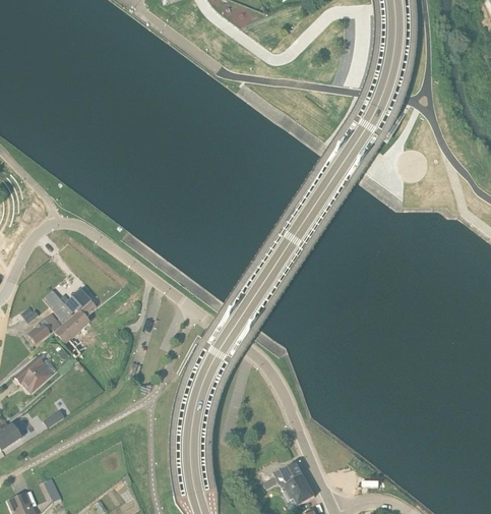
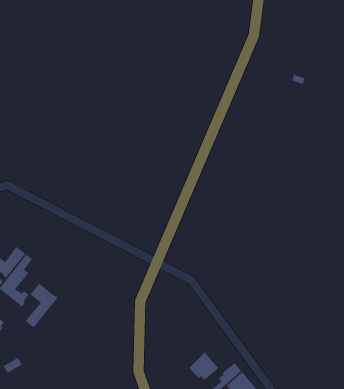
building: none -> [25,282,59,329]
building: none -> [189,352,219,381]

